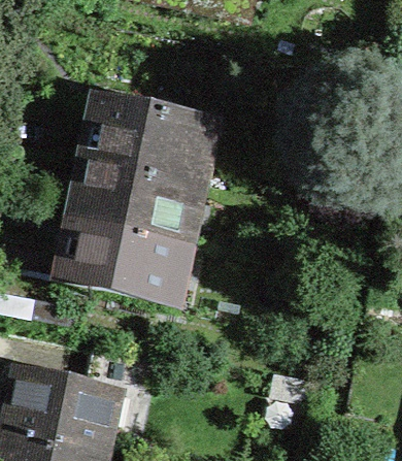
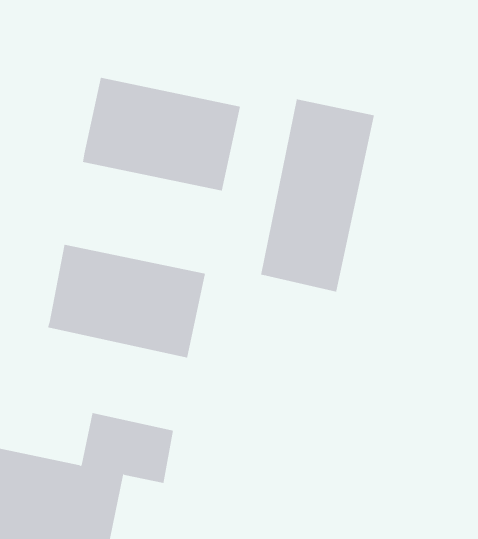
building: none -> [260,99,374,292]
building: [76,159,194,241] -> none

